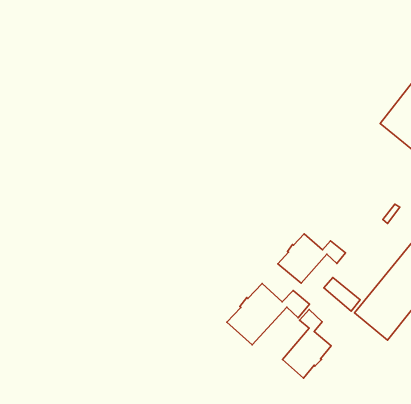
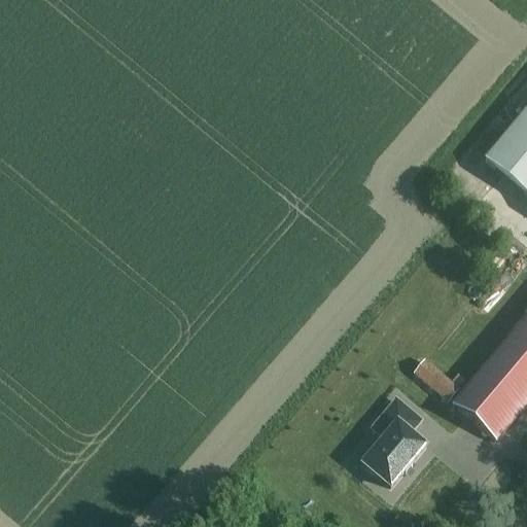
building: [278,234,345,283] -> none
building: [227,284,310,345] -> none

